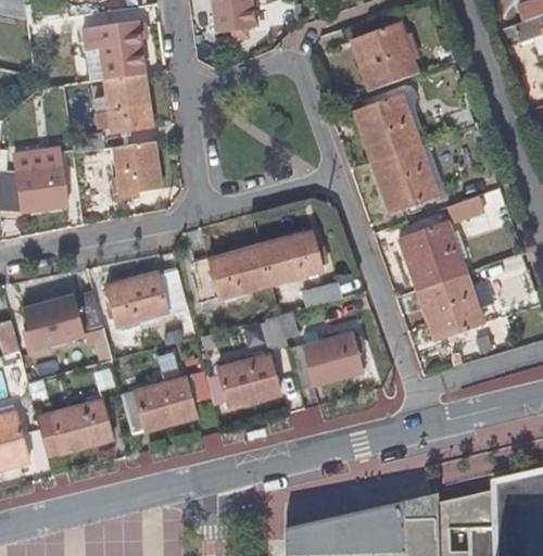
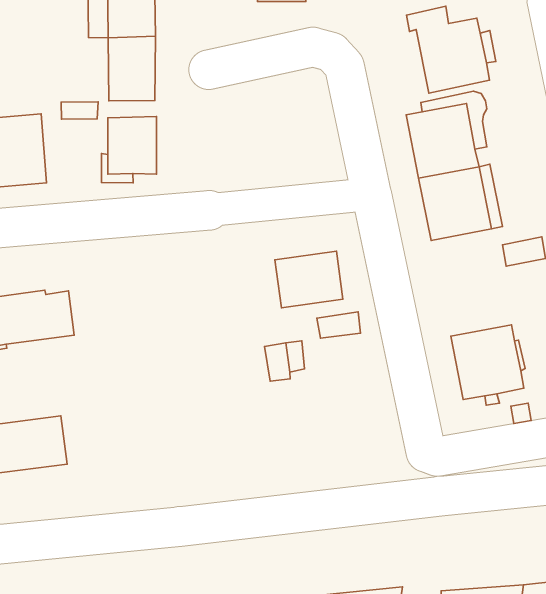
building: [399,223,465,289] -> none
building: [195,245,273,303] -> none
building: [108,271,188,327] -> none
building: [289,329,366,387] -> none
building: [218,352,281,406] -> none
building: [121,369,197,432] -> none

